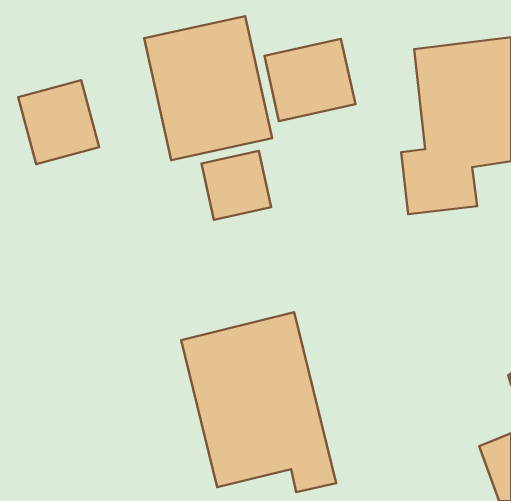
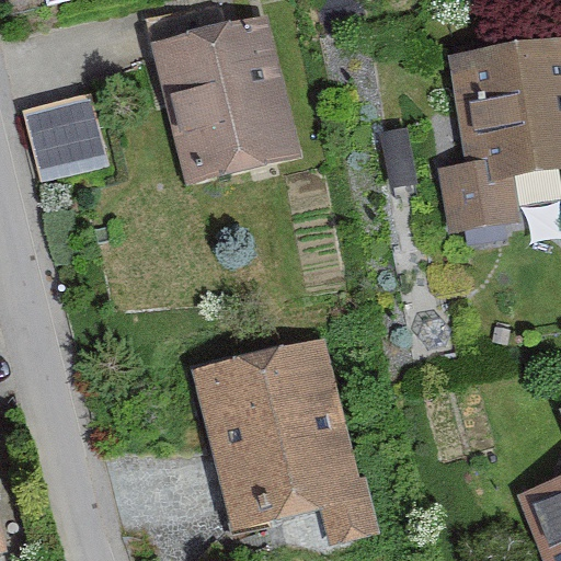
building: [264,39,355,121] -> none
building: [201,151,271,220] -> none

